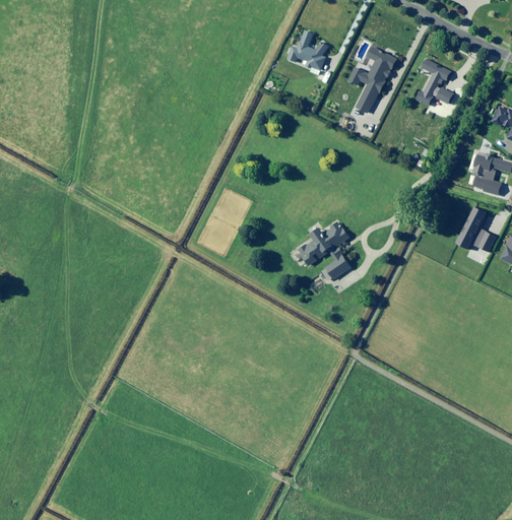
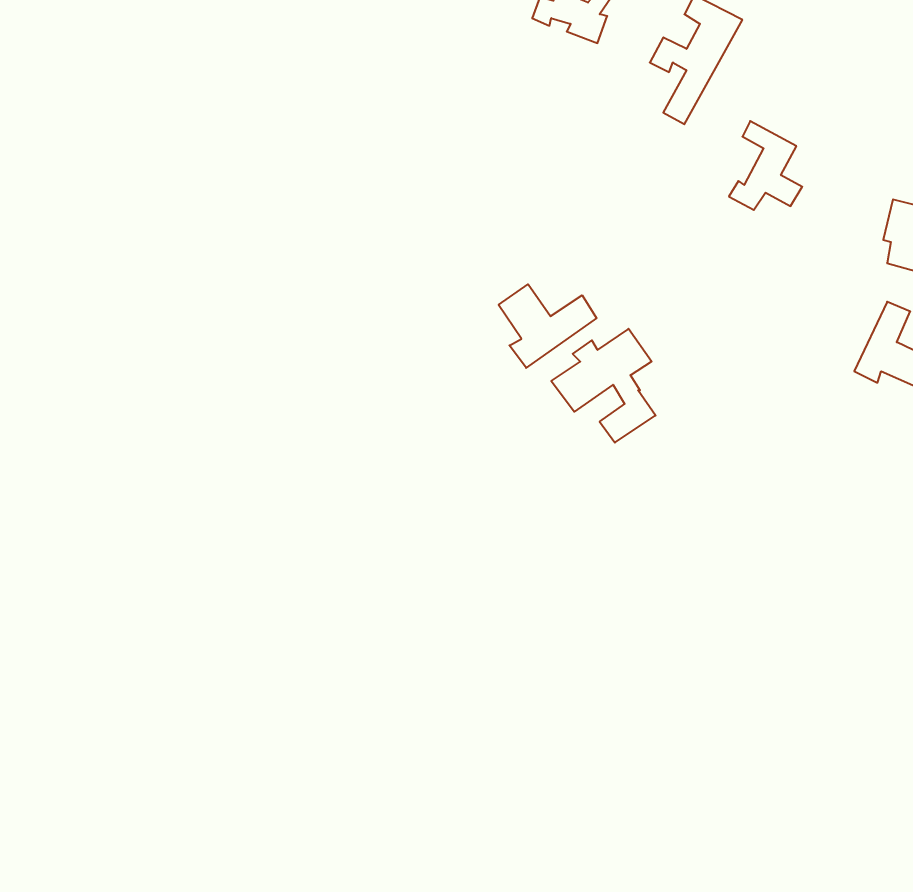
building: [414,58,453,105] -> [729,121,802,210]
building: none -> [499,284,597,368]

